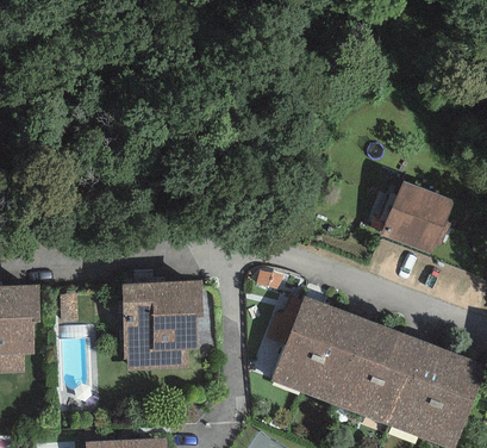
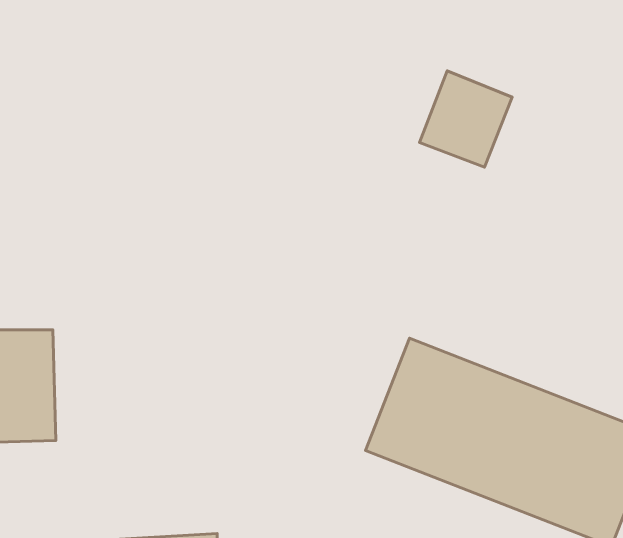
building: [380,178,448,248] -> [419,71,512,167]
building: [126,280,216,369] -> none

